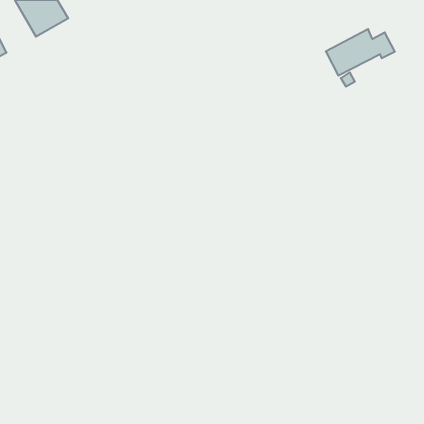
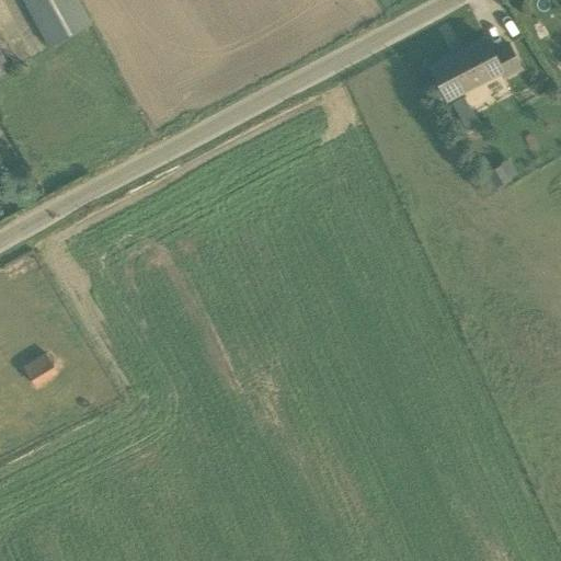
building: none -> [22,355,56,388]

